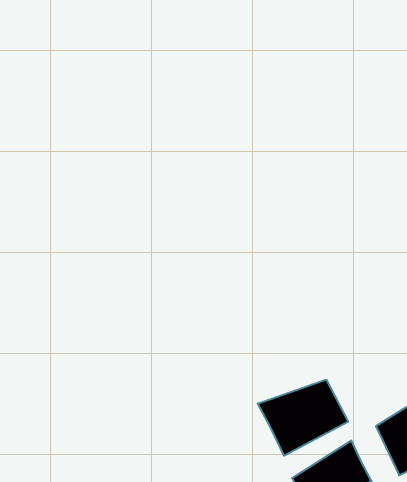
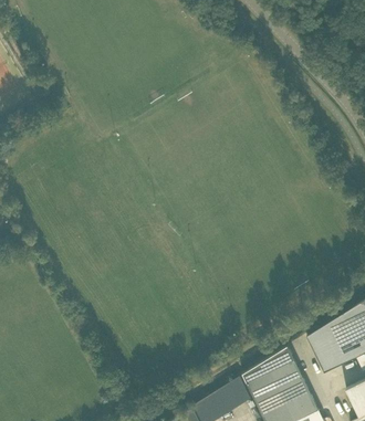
building: [258,380,348,456] -> none

